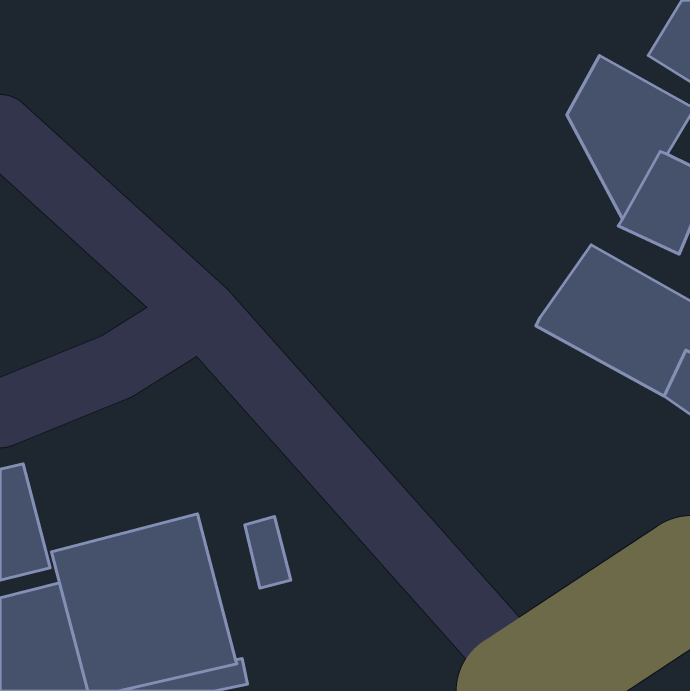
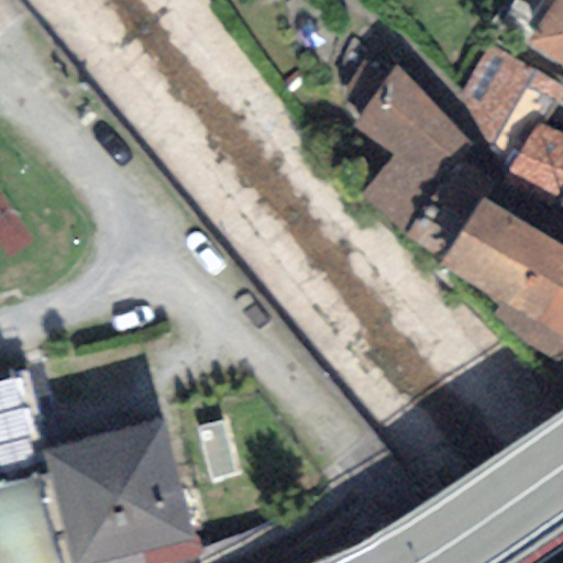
building: none -> [352,68,496,258]

